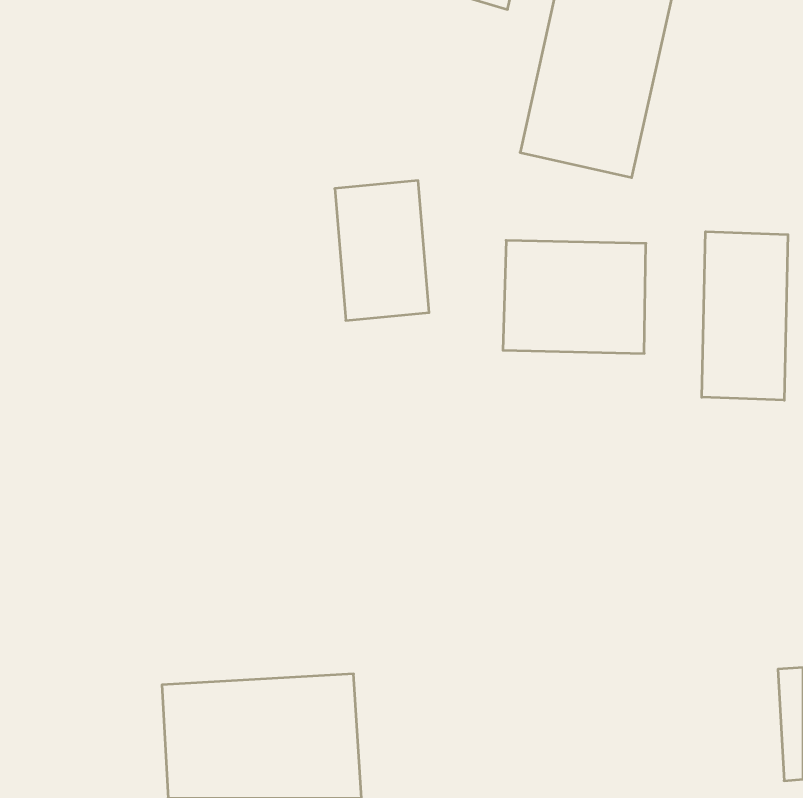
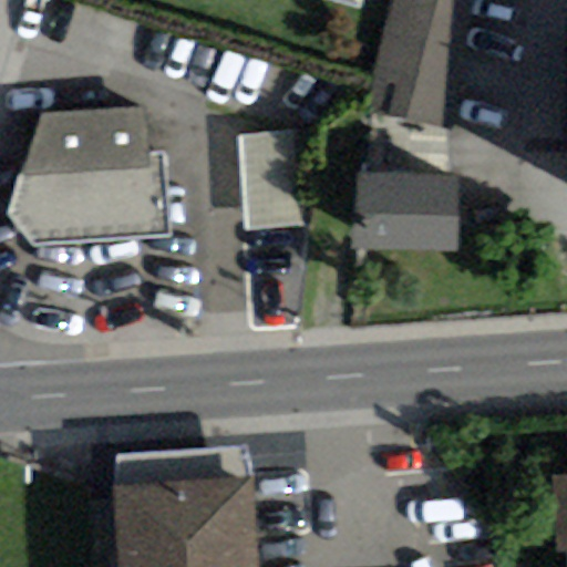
building: none -> [8,105,168,245]
building: [702,232,788,400] -> none

